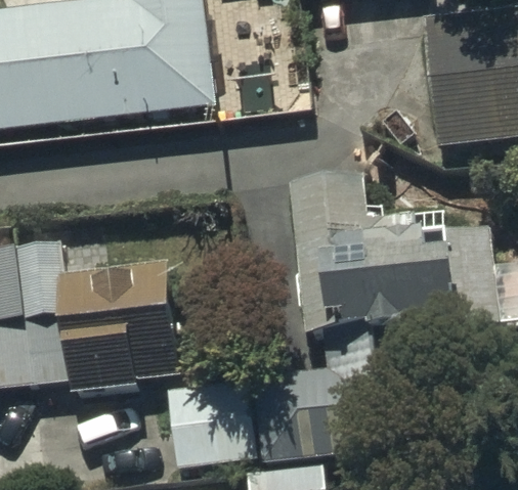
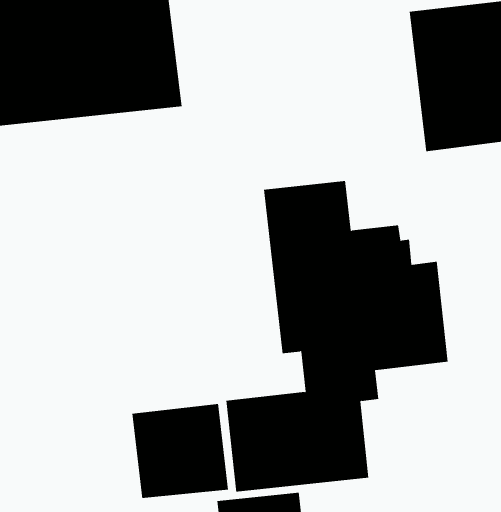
building: [56,263,179,395] -> none

